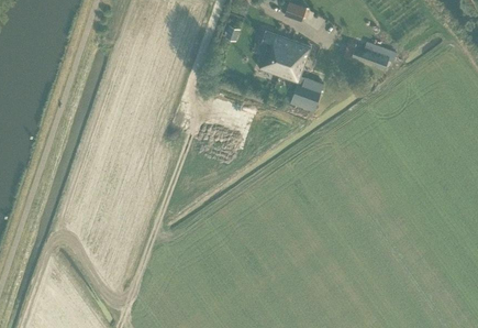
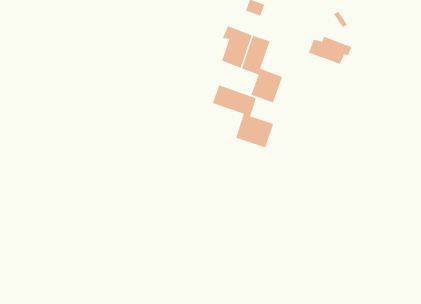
building: none -> [212,84,274,148]

